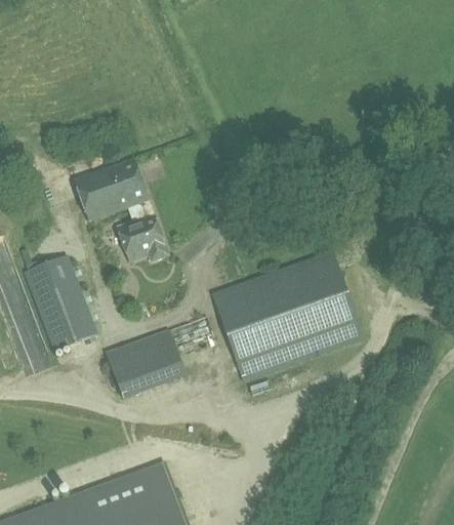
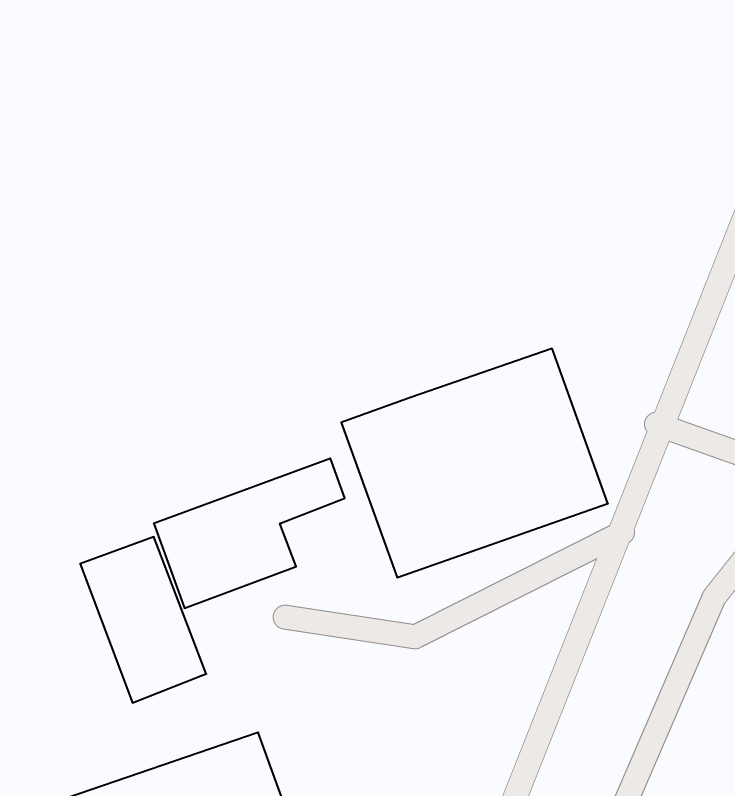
building: [73,158,167,260] -> none
building: [24,254,95,349] -> [80,537,206,703]

